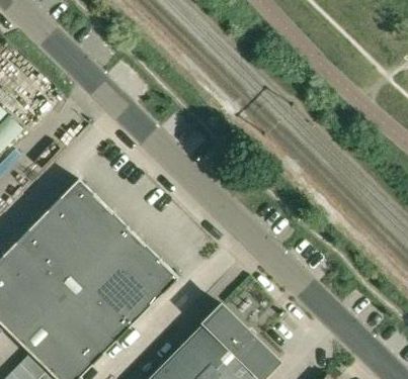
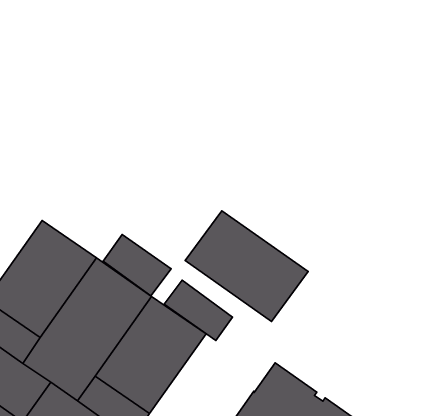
building: none -> [185,211,308,321]
building: none -> [103,234,171,296]
building: none -> [164,280,232,341]

